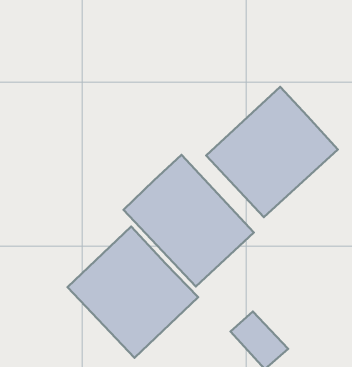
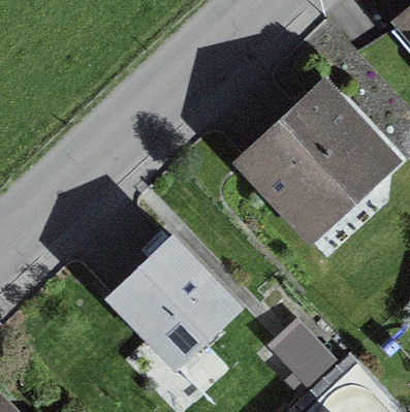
building: [123,155,254,287] -> none

